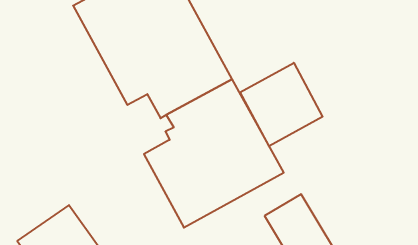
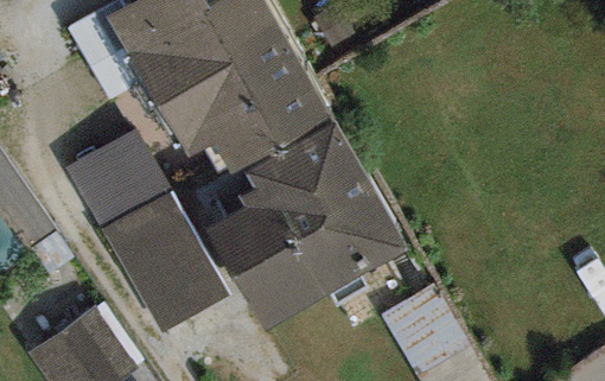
building: [240,63,323,146] -> none
building: none -> [68,128,229,331]

